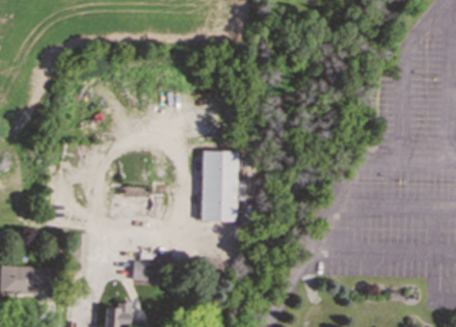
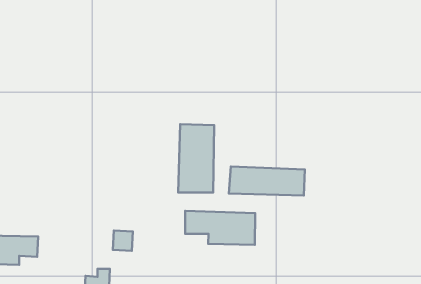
building: none -> [229,166,305,196]
building: none -> [185,211,255,245]

